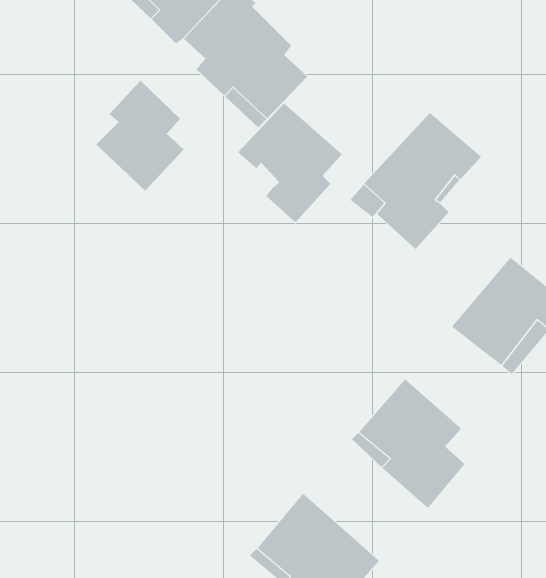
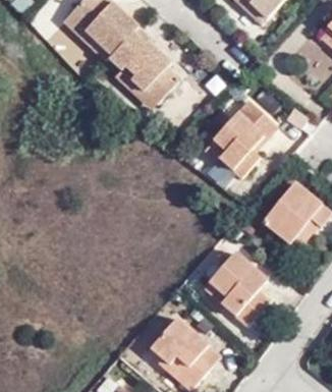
building: [96,80,185,191] -> none
building: [237,103,343,223] -> none

